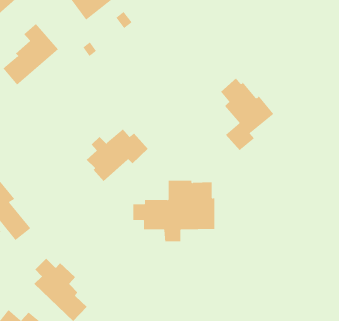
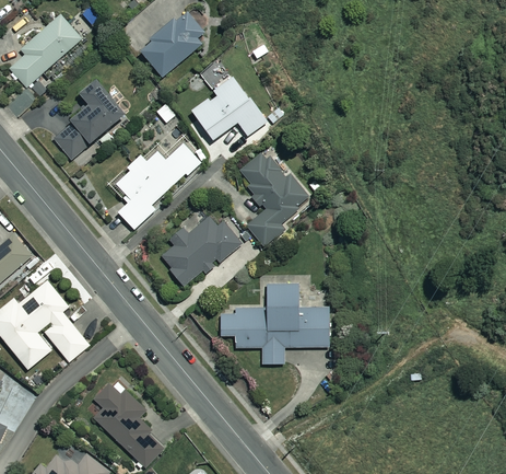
building: none -> [191,78,266,140]
building: none -> [111,142,199,230]
building: [220,77,274,151] -> [239,152,309,247]

